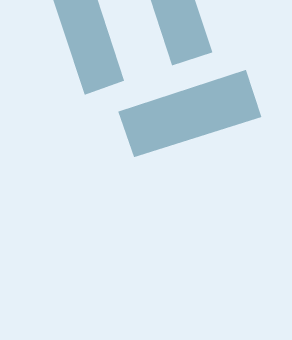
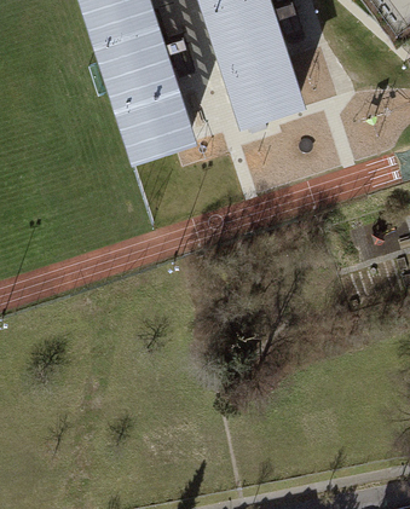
building: [117,69,262,158] -> none

